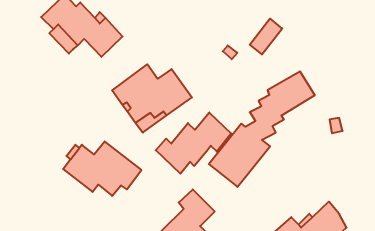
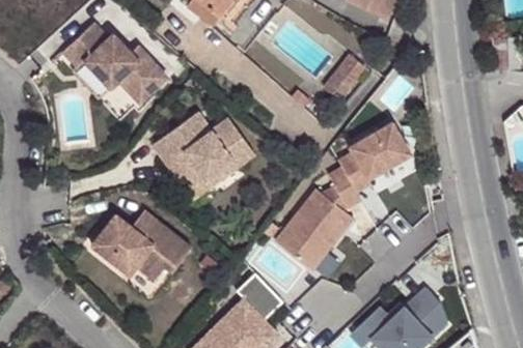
building: [156,112,231,174] -> none

